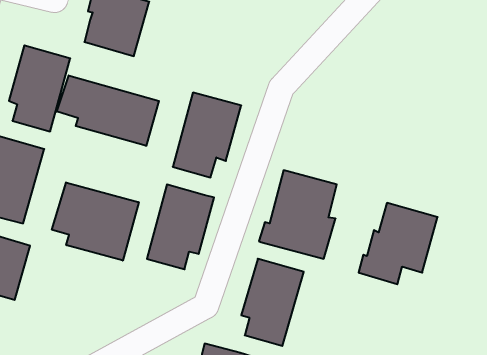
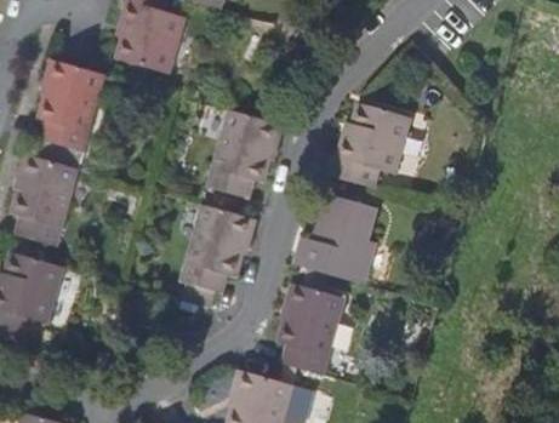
building: [57,75,159,146] -> none
building: [52,182,139,261] -> none
building: [359,203,438,284] -> [329,102,410,185]

